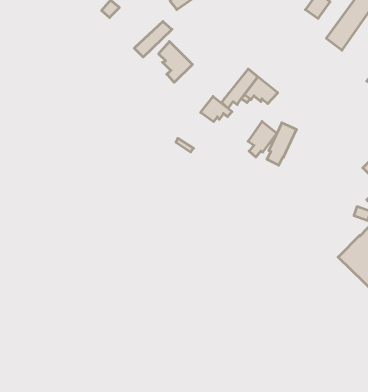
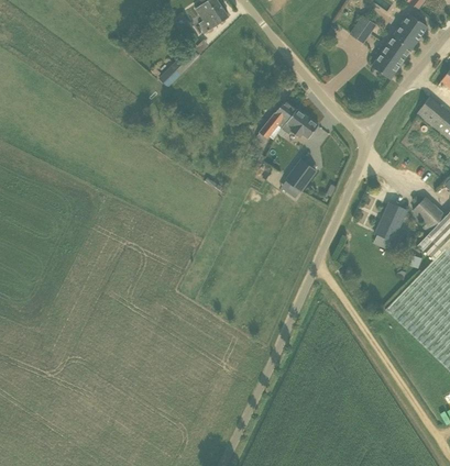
building: [159,41,192,82] -> none
building: [201,96,232,122] -> none
building: [267,123,297,165] -> [373,202,406,249]

